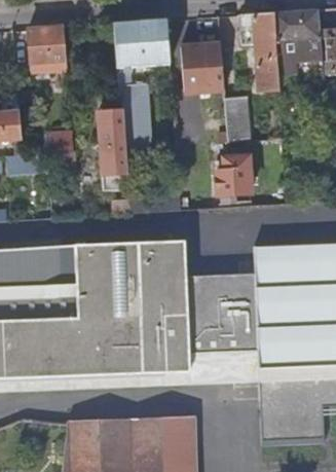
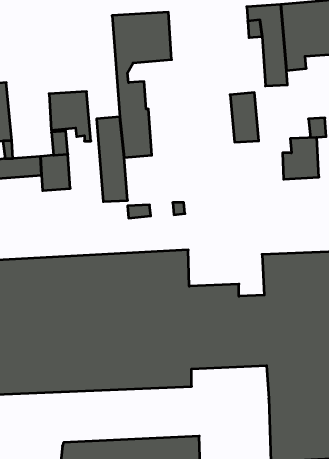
building: [28,27,67,73] -> [49,92,91,141]
building: [180,43,223,84] -> none
building: [218,155,252,194] -> [283,137,319,179]
building: [188,350,260,384] -> none

